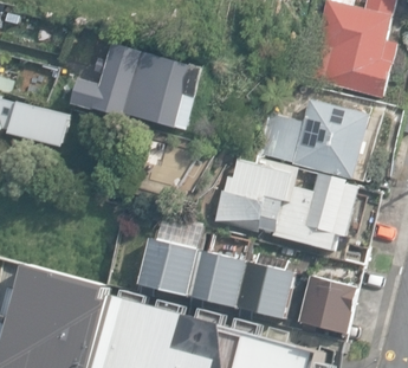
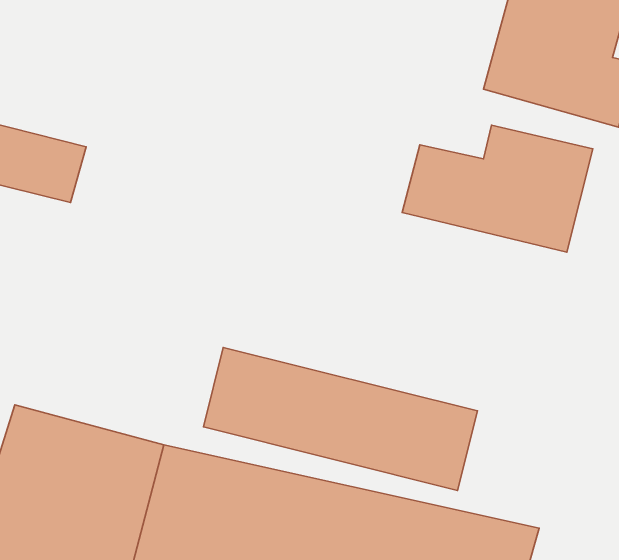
building: [65,41,201,138] -> none
building: [208,155,356,248] -> none
building: [300,275,358,335] -> none

